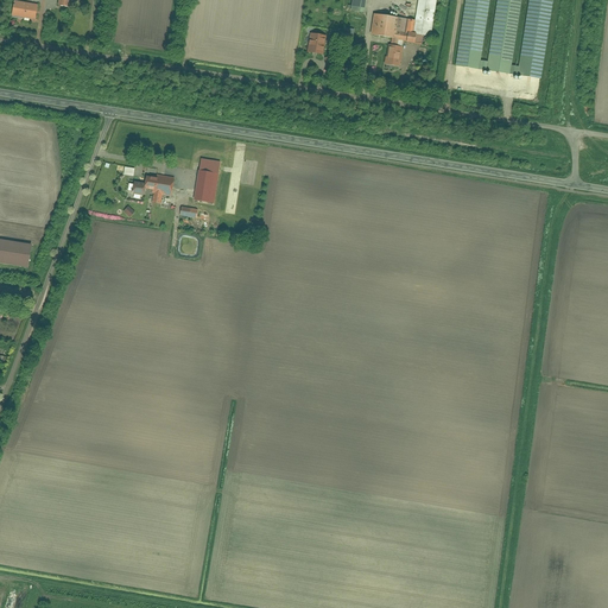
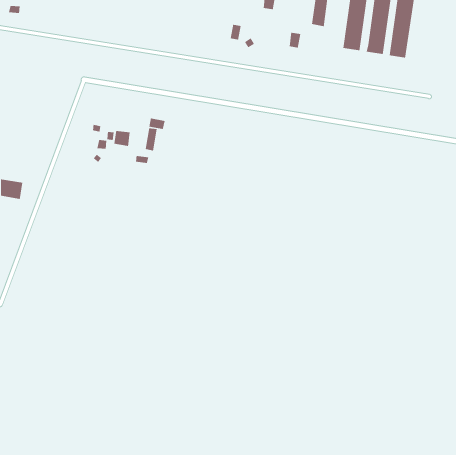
building: [369,12,410,39] -> none

